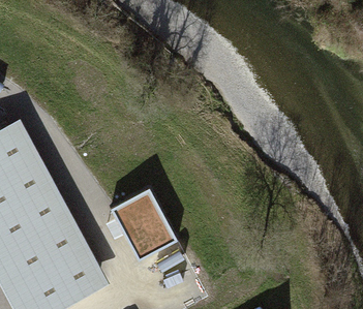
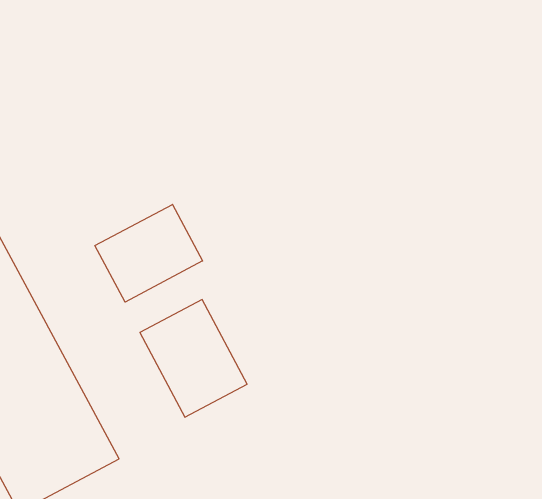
building: none -> [95,204,203,302]

